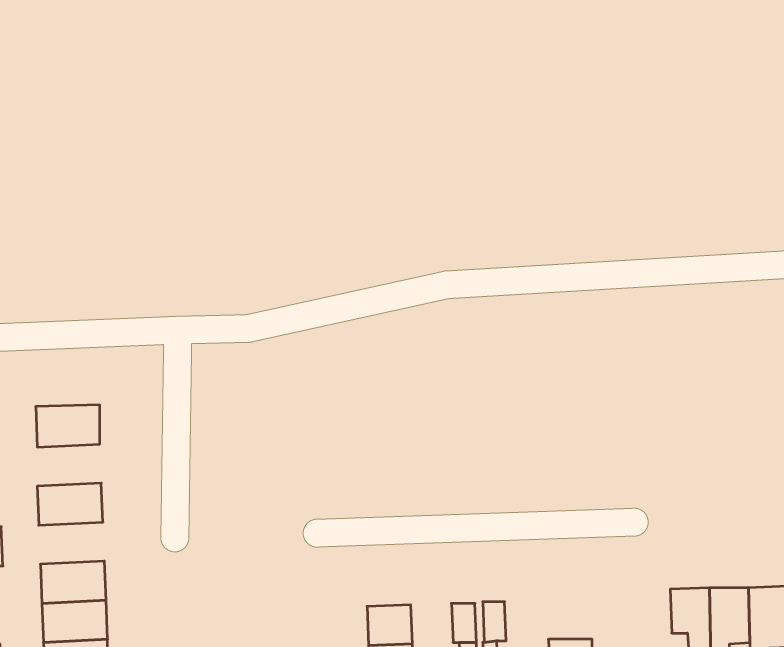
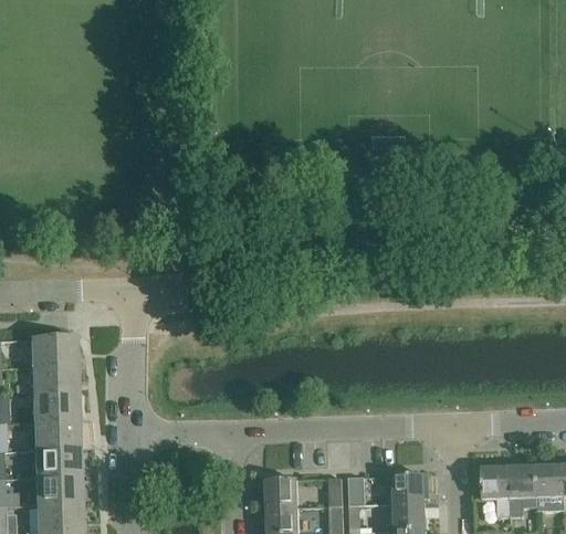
building: none -> [33,366,78,396]
building: none -> [34,421,81,451]
building: none -> [394,475,426,504]

